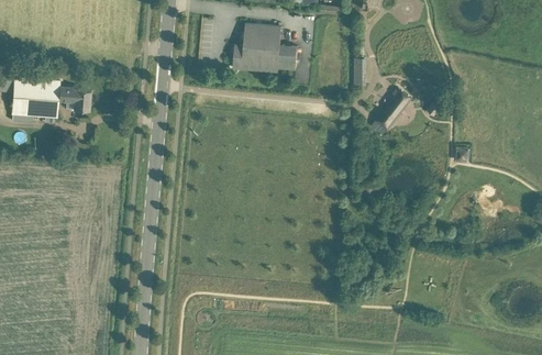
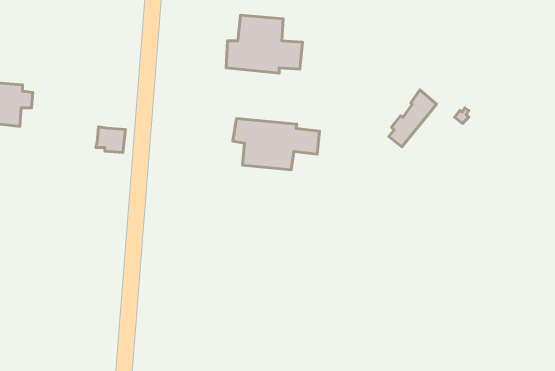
building: [66,89,91,111] -> [96,127,126,153]
building: none -> [233,119,319,170]

